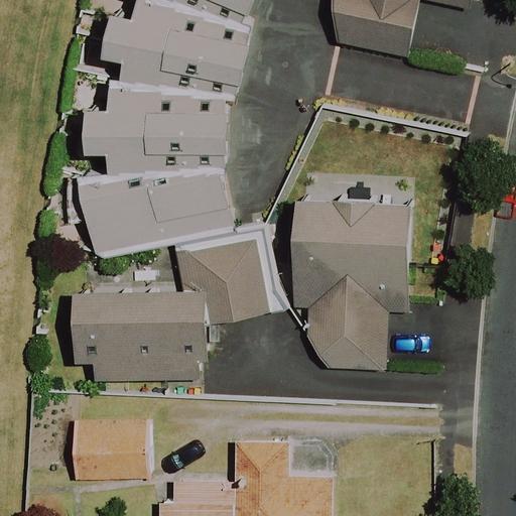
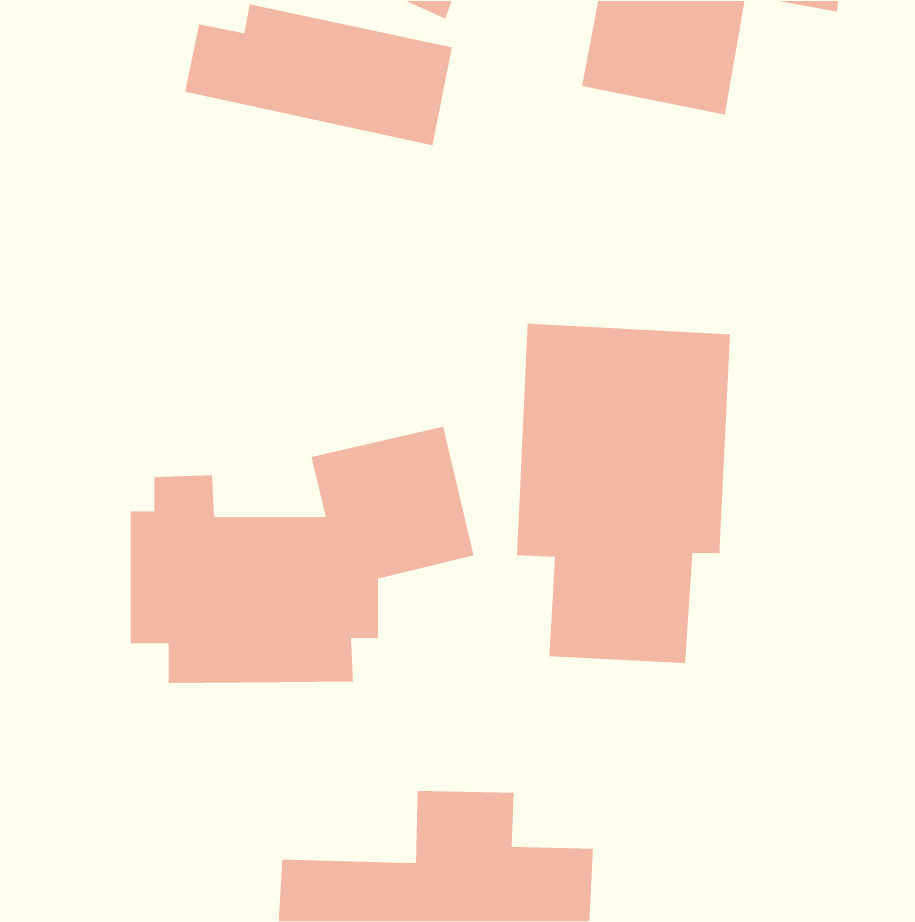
building: [87,85,236,152] -> none
building: [80,162,240,260] -> none
building: [70,419,145,478] -> none

